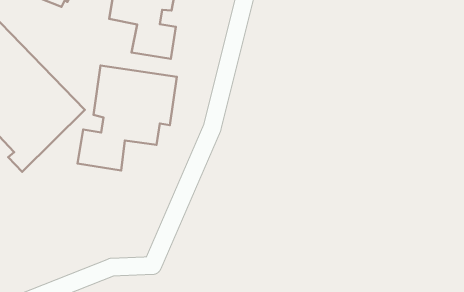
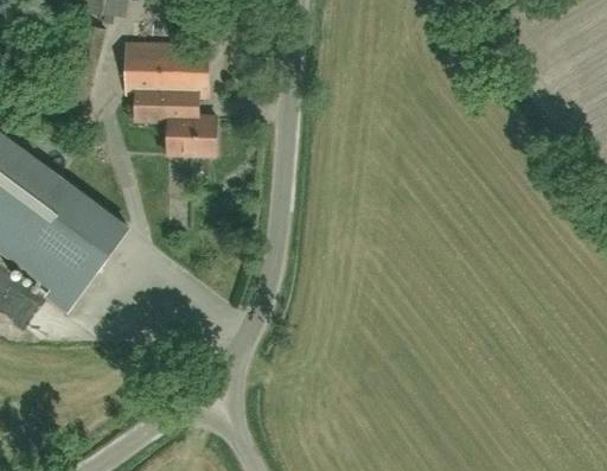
building: [78,66,177,171] -> none

